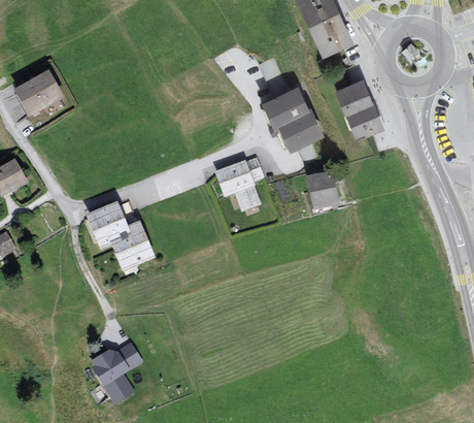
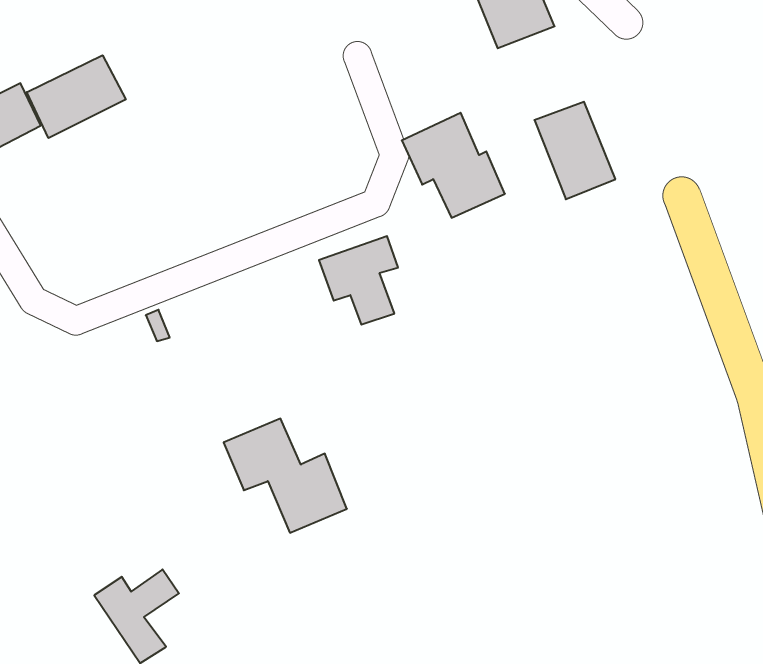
building: none -> [27,55,126,138]
building: [307,172,338,207] -> none
building: [86,202,155,266] -> [224,419,347,533]

